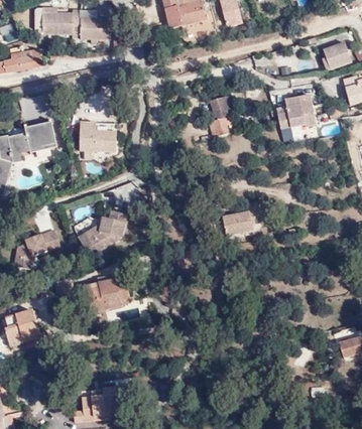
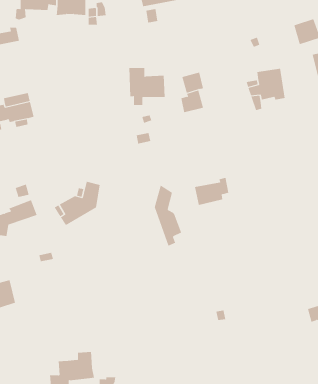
building: [79,117,117,156] -> [128,67,165,105]
building: none -> [154,185,182,246]
building: [81,279,127,316] -> none

